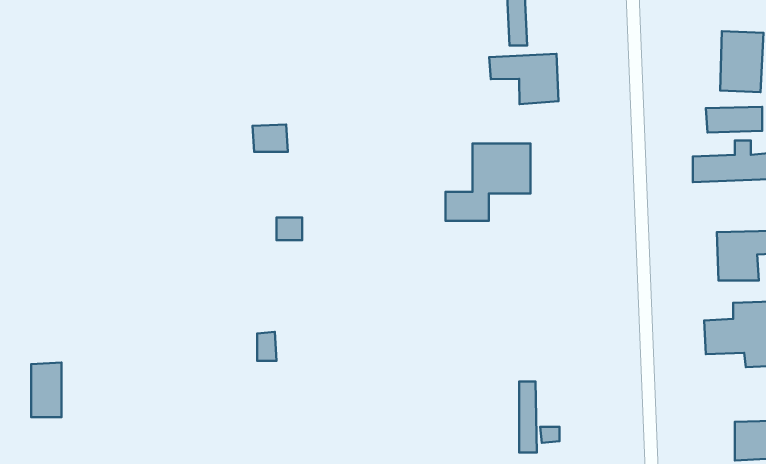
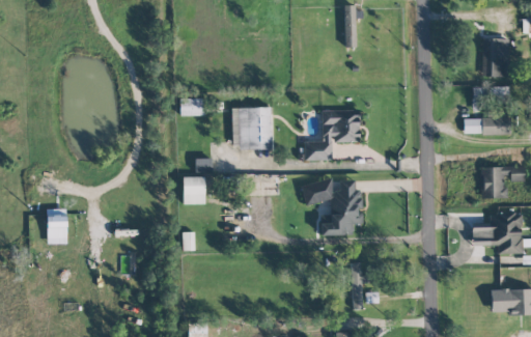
building: [489,54,558,104] -> none
building: none -> [232,107,273,148]
building: none -> [184,176,206,204]
building: none -> [304,179,363,235]
building: [31,363,62,417] -> [48,208,67,244]

